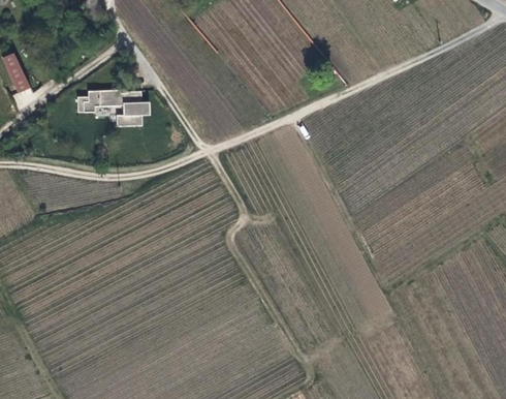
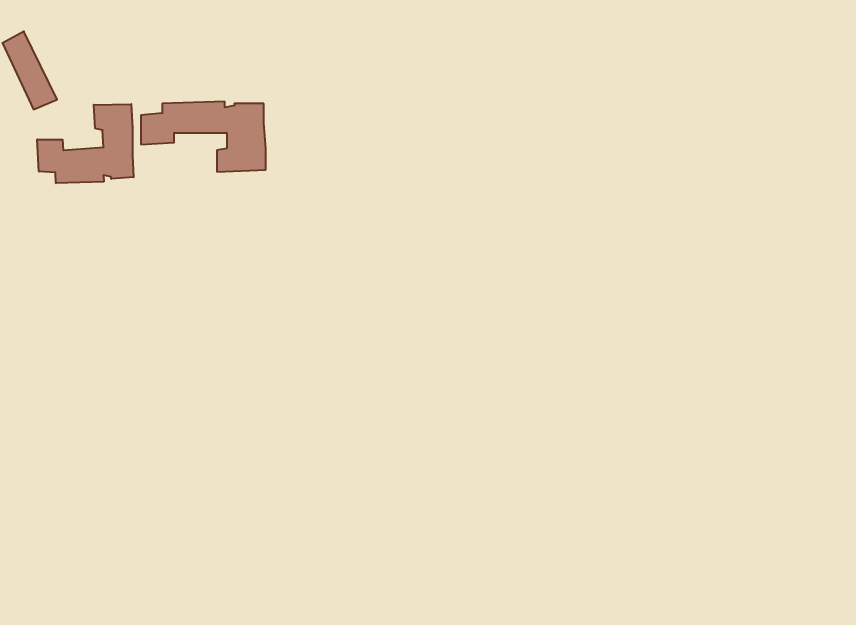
building: none -> [37,104,134,183]

